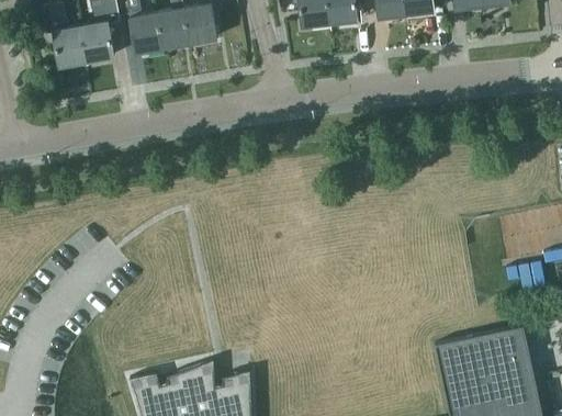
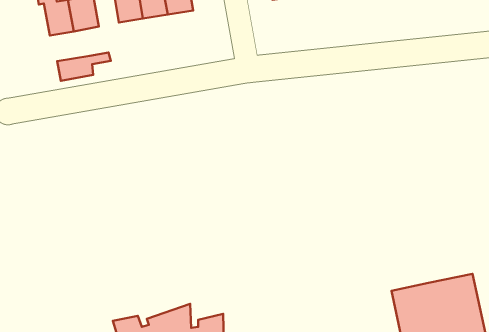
building: none -> [57,52,111,81]

